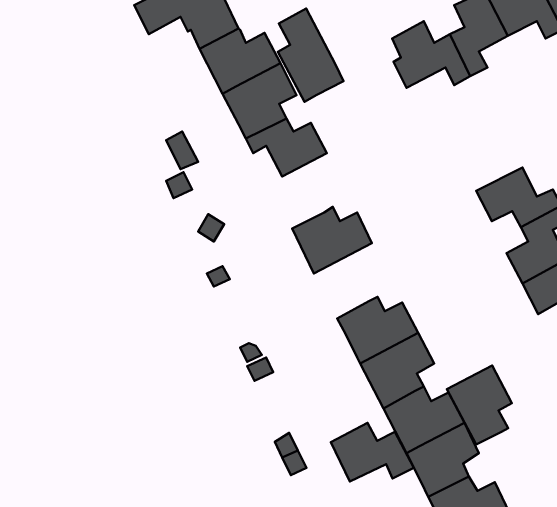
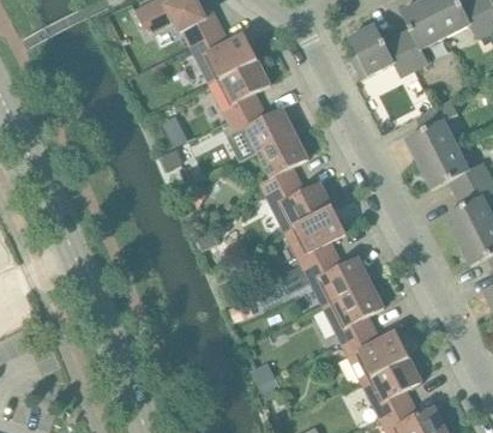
building: [278,8,344,102] -> none
building: none -> [405,100,458,163]
building: none -> [258,132,308,194]
building: none -> [284,206,345,269]
building: [447,365,512,444] -> none
building: [331,423,414,482] -> none

